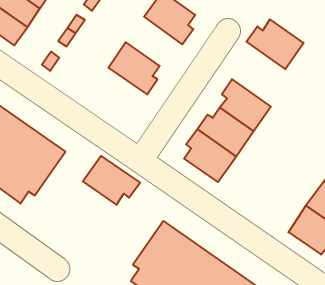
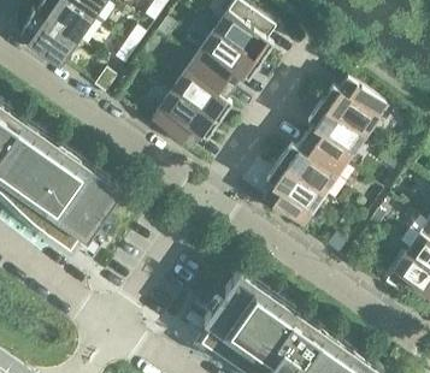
building: none -> [194,29,260,87]
building: [246,19,304,69] -> [319,76,387,135]
building: [83,156,140,205] -> [152,89,219,147]

